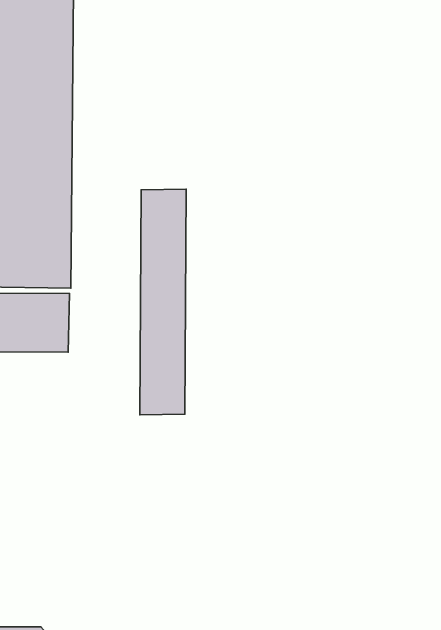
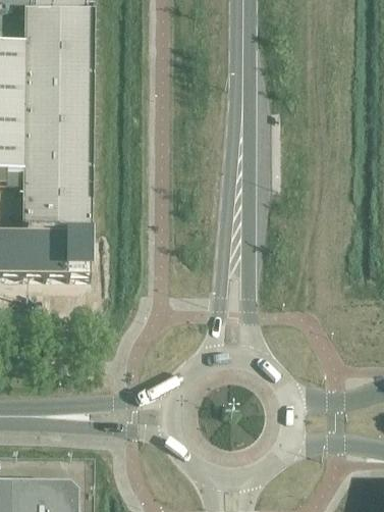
building: [140,189,186,415] -> none

